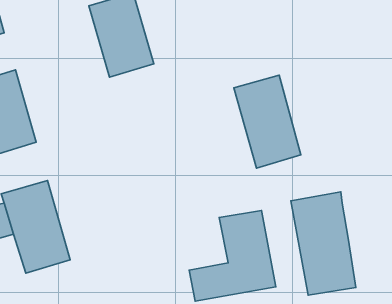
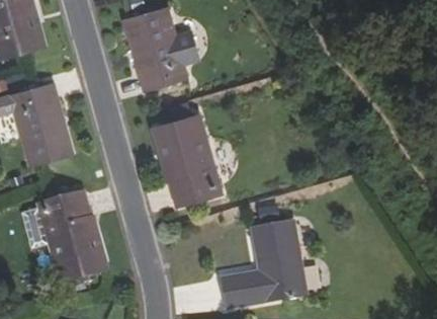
building: [234,75,301,168] -> [156,114,222,206]
building: [291,192,356,295] -> none

